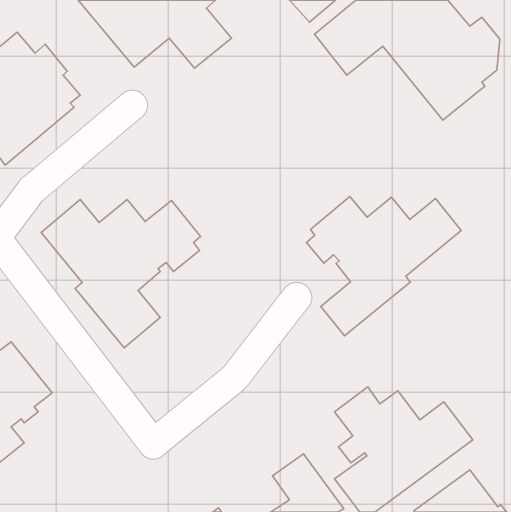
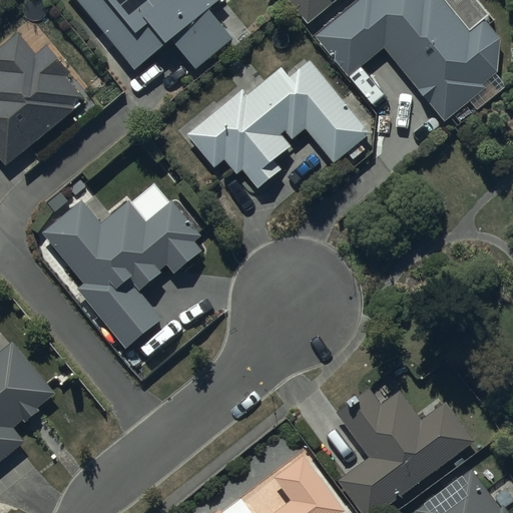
building: none -> [186,57,370,186]
building: [307,197,461,336] -> none

